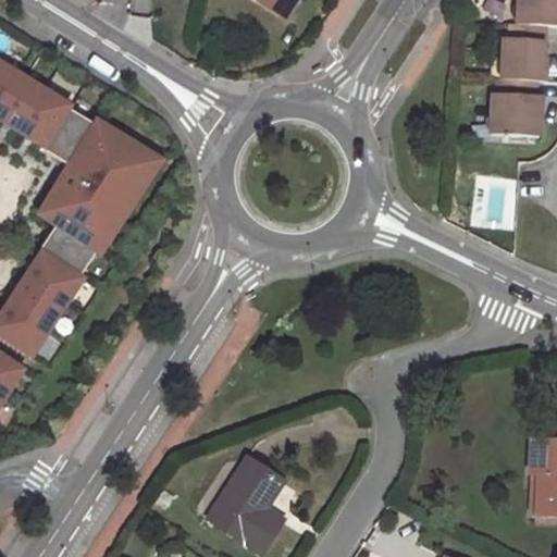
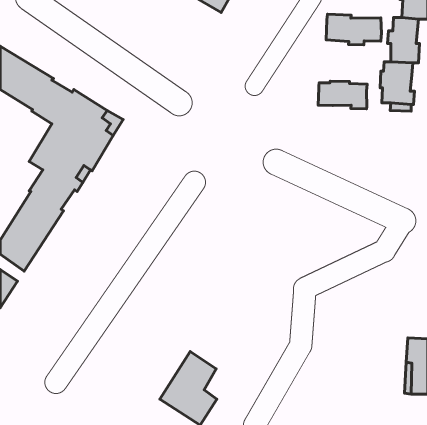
building: none -> [326,14,382,45]
building: none -> [318,81,367,109]

